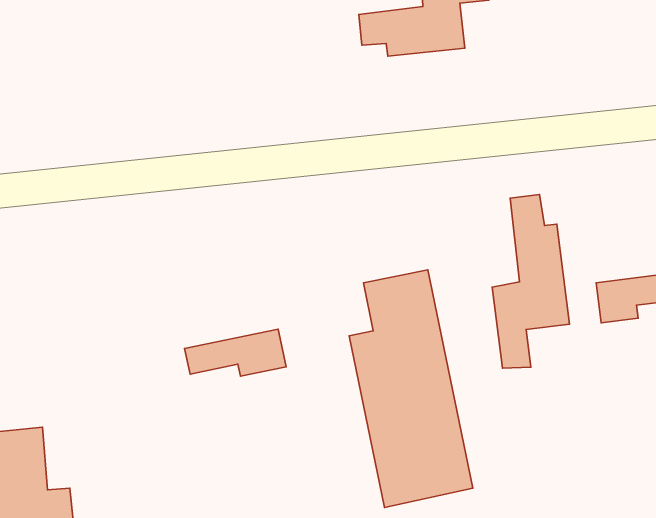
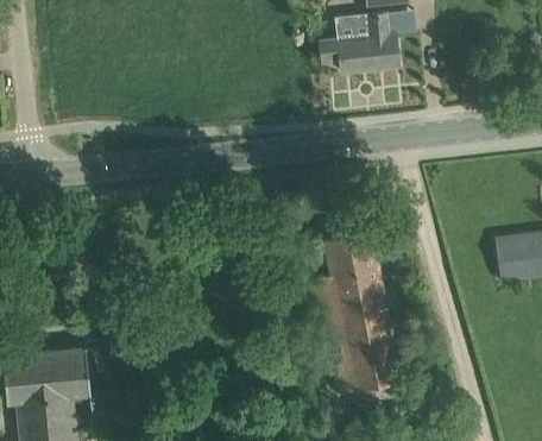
building: [492,195,570,368] -> none
building: [185,329,286,376] -> none

